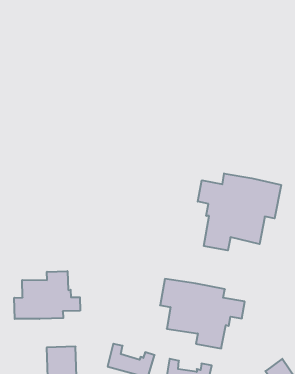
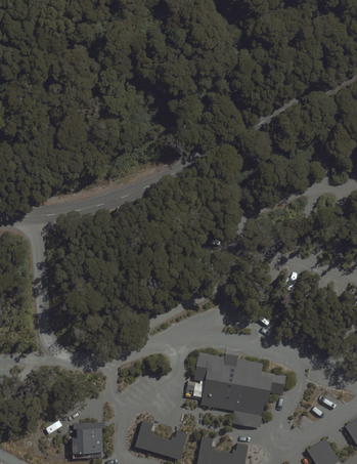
building: [198,173,281,250] -> none
building: [14,271,80,319] -> none

